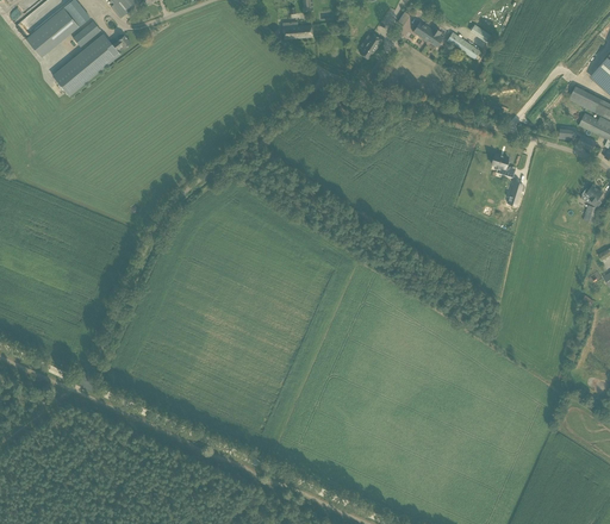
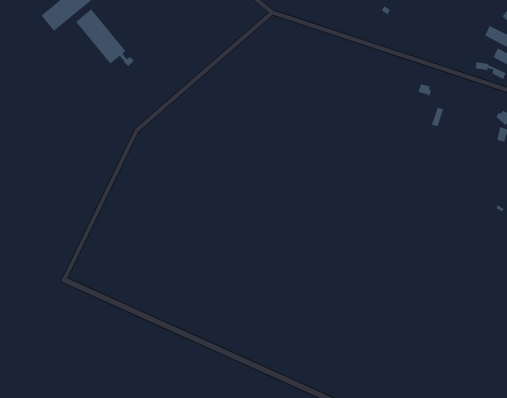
building: none -> [75,8,134,67]

